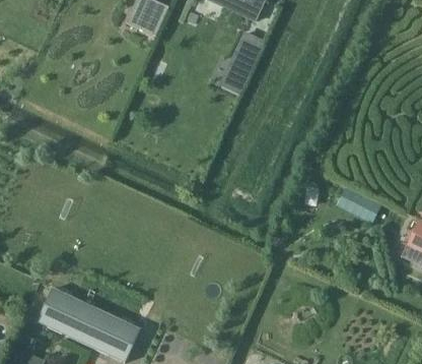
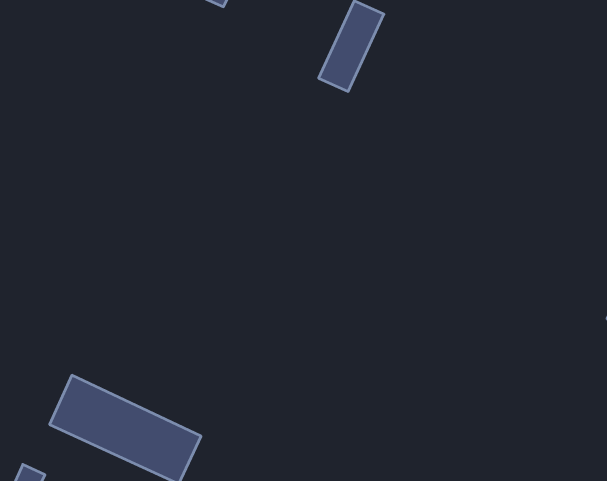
building: [338,188,381,223] -> none

